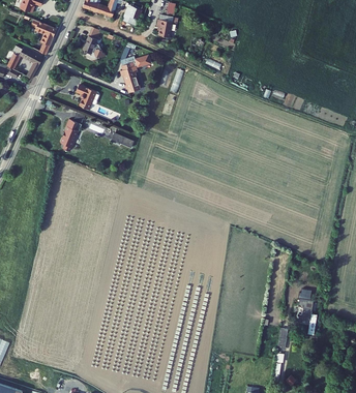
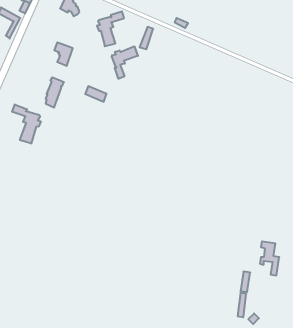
building: none -> [112,46,138,79]
building: none -> [12,104,41,144]

